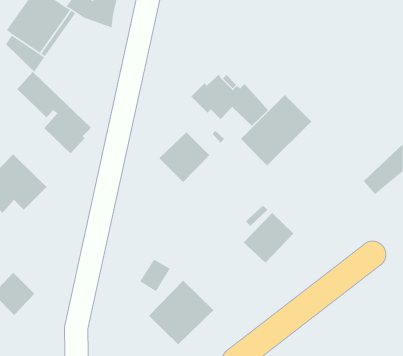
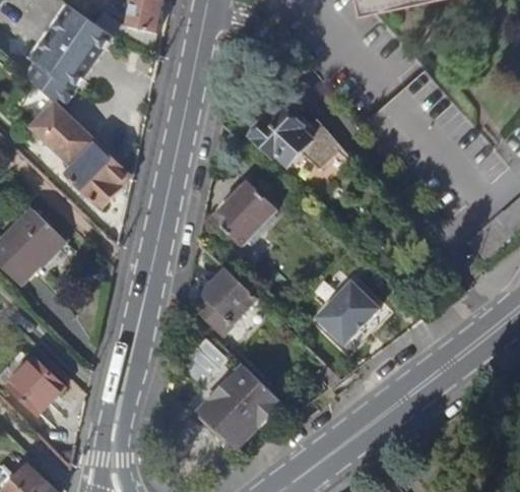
building: [240,94,312,166] -> none
building: none -> [190,268,254,334]

